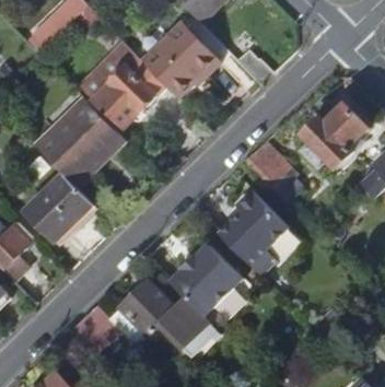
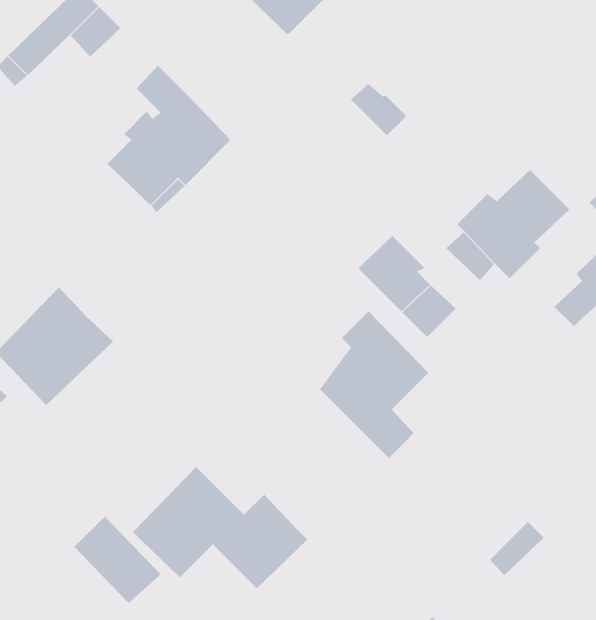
building: [141,21,219,94] -> none
building: [37,101,121,189] -> none
building: [172,245,246,317] -> none

